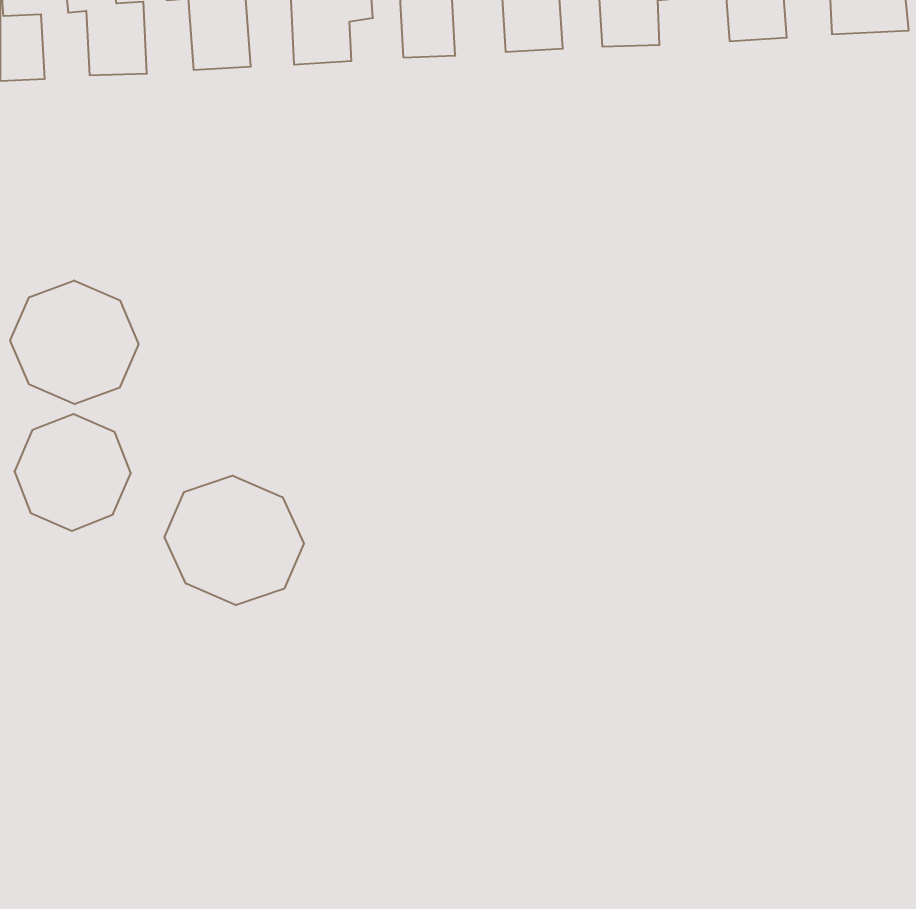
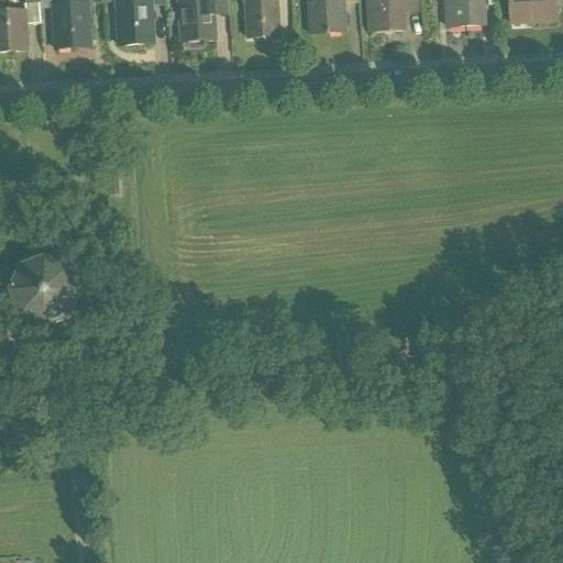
building: [10,280,138,404] -> none
building: [165,475,304,605] -> none

